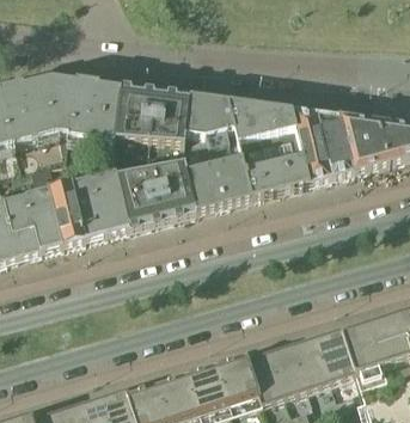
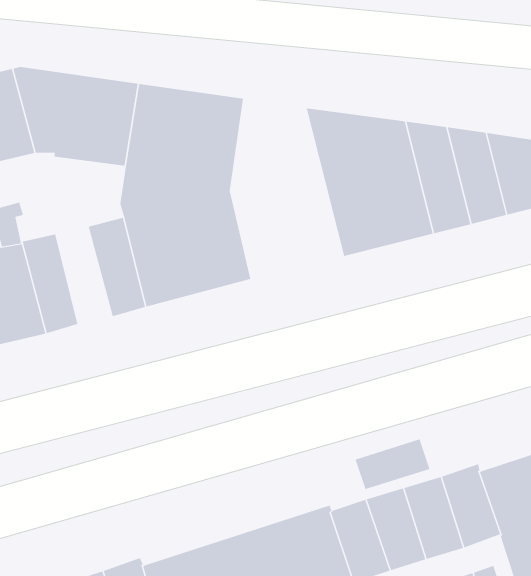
building: [185,94,257,209] -> none
building: [74,176,110,238] -> none
building: none -> [355,439,430,490]

